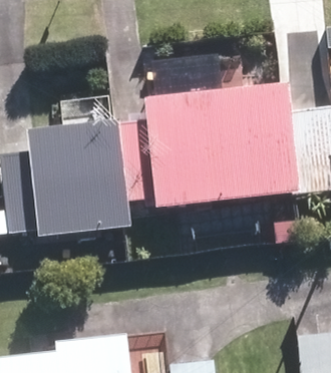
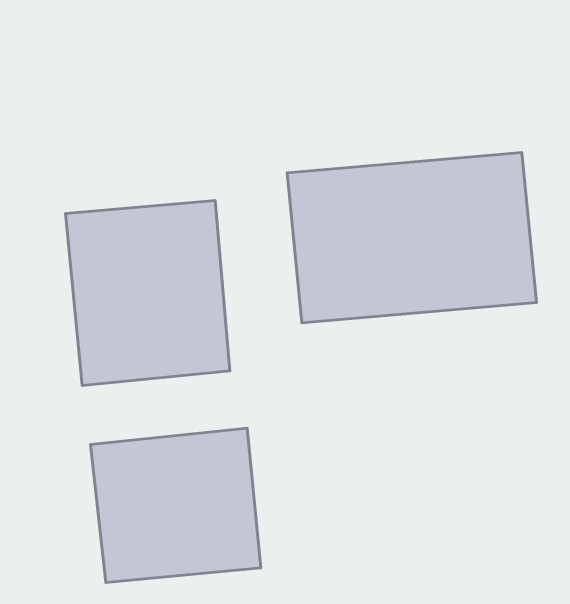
building: none -> [91,428,261,583]

